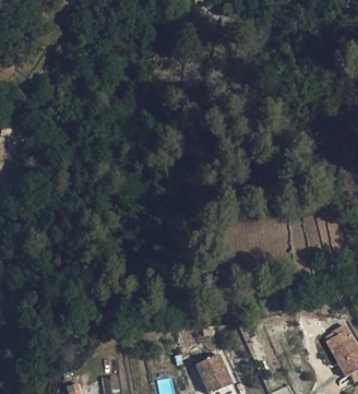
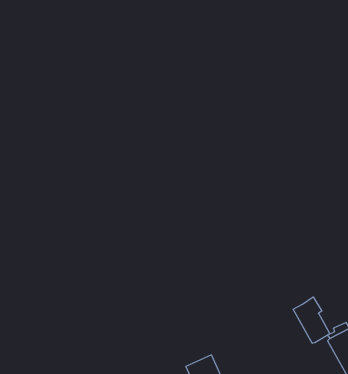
building: none -> [293,297,330,343]

